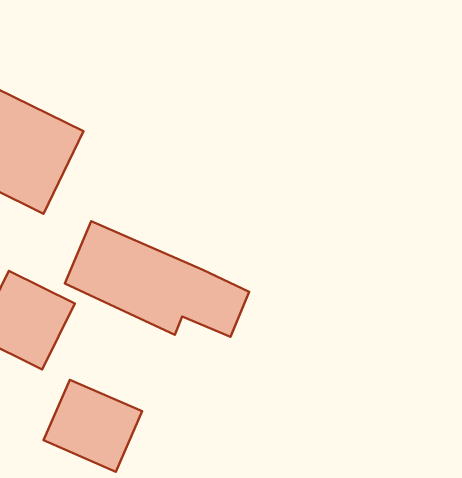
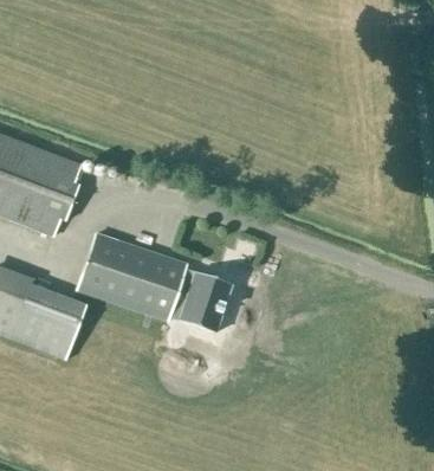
building: [43,380,142,472] -> none

